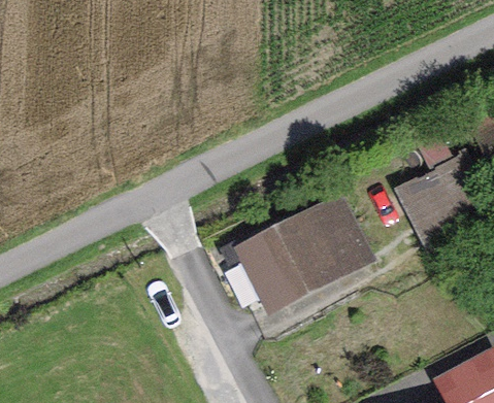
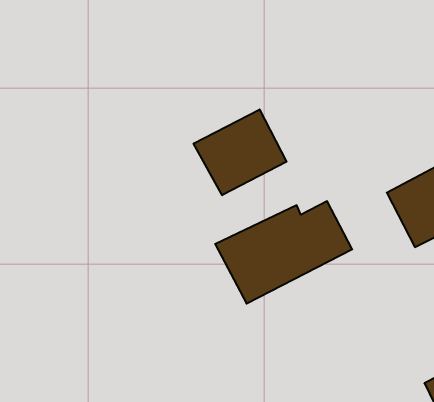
building: none -> [194,109,287,195]

